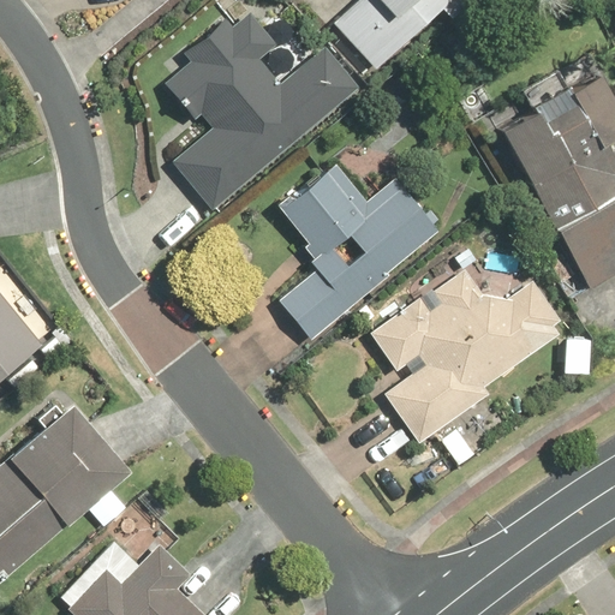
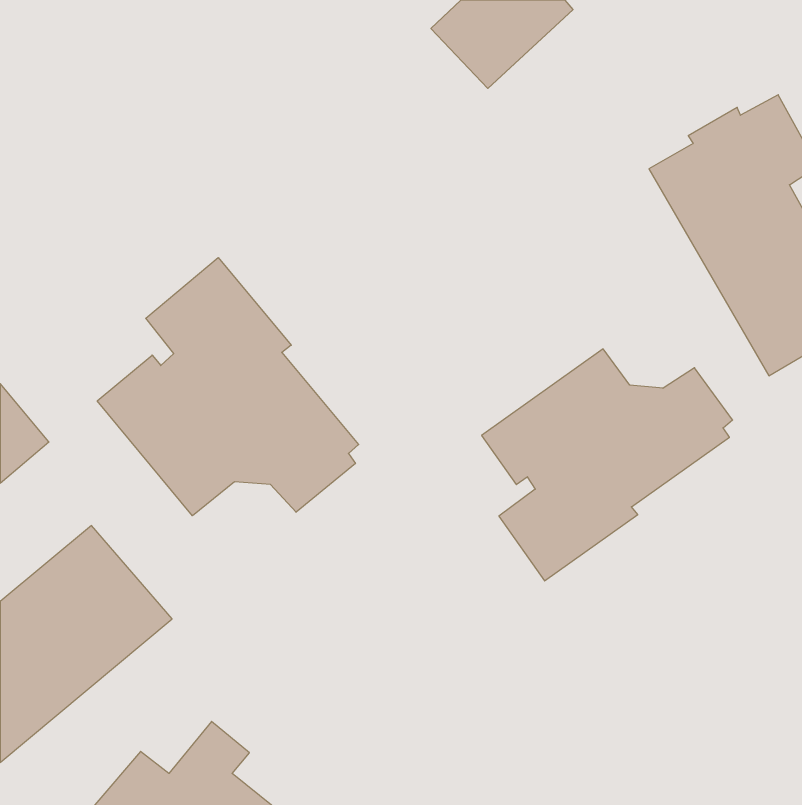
building: [163,11,358,209] -> none
building: [275,163,437,340] -> none
building: none -> [97,258,359,516]

